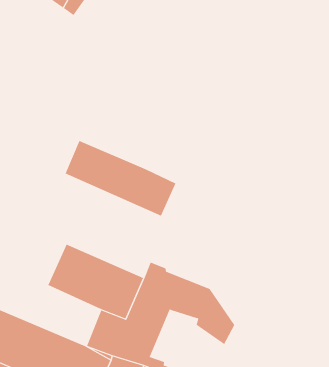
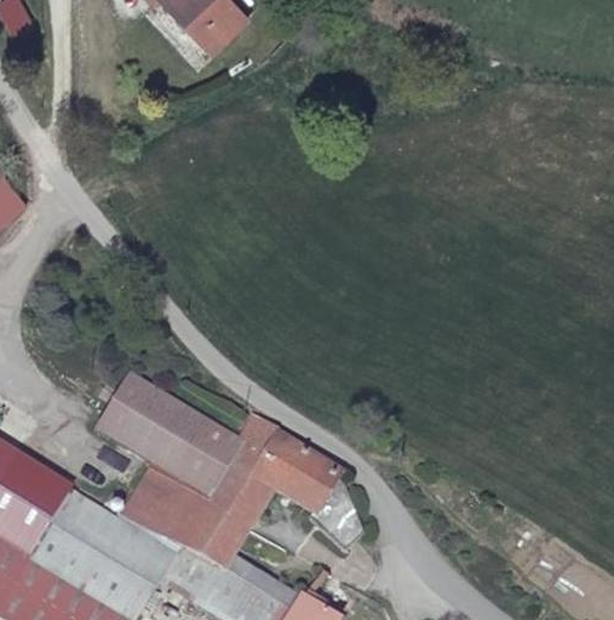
building: [65,140,176,216] -> none

